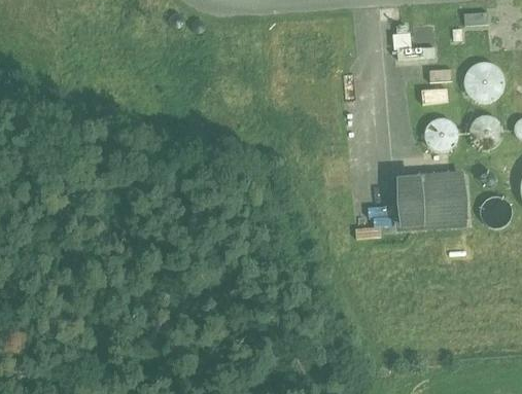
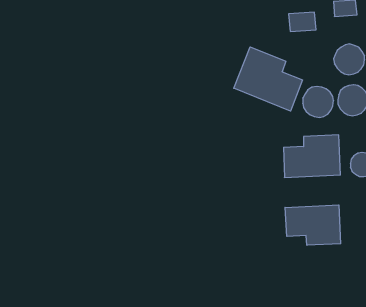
building: none -> [234,47,302,111]
building: none -> [285,205,341,245]

